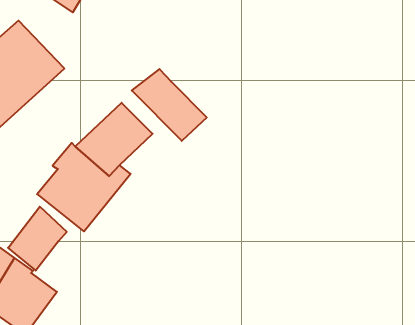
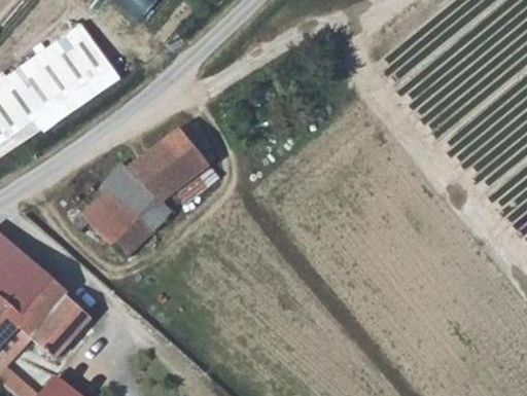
building: [132,69,207,141] -> none
building: [8,207,67,271] -> none

